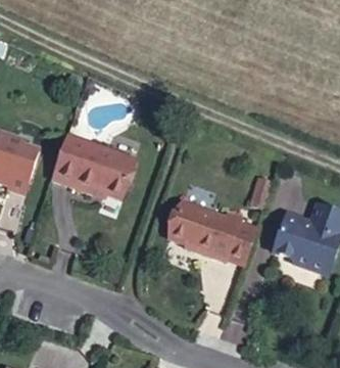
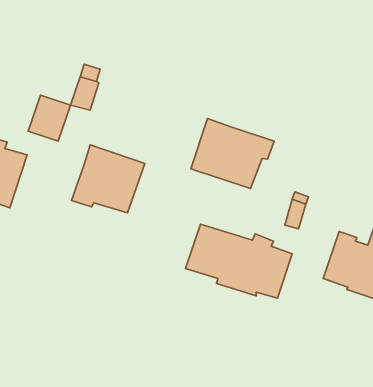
building: none -> [191,119,274,188]
building: [45,142,80,180] -> [28,95,70,141]

